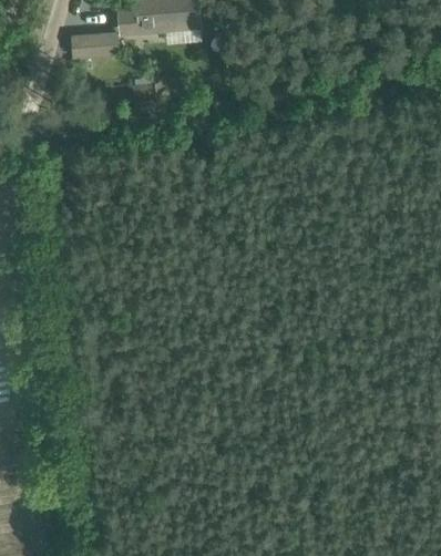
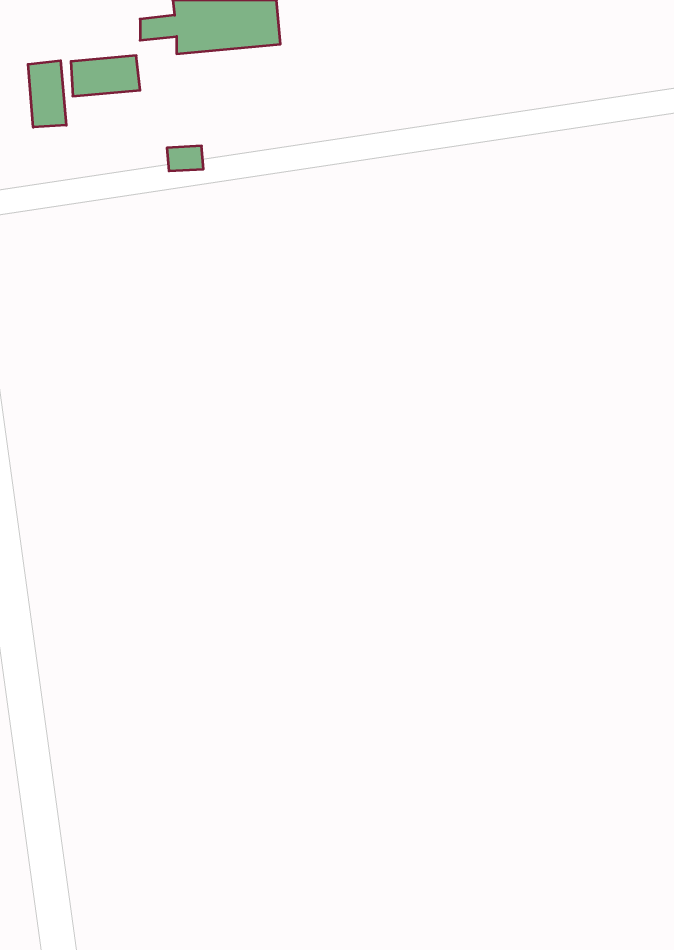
building: none -> [28,61,66,127]

